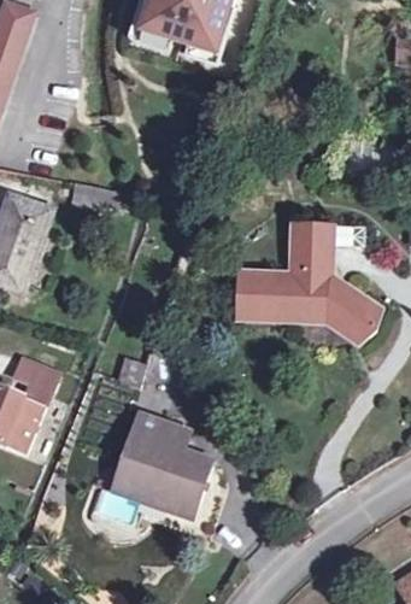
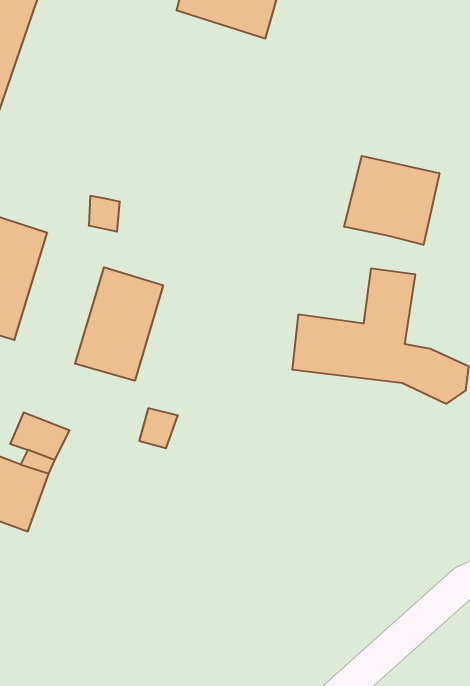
building: none -> [344,156,439,245]
building: none -> [75,267,163,381]
building: [105,414,209,510] -> none

